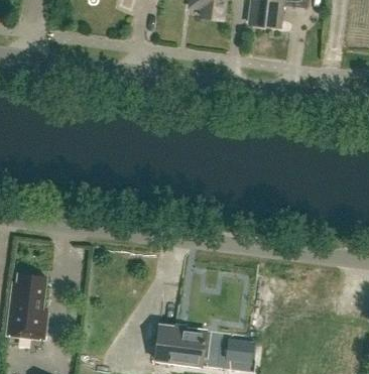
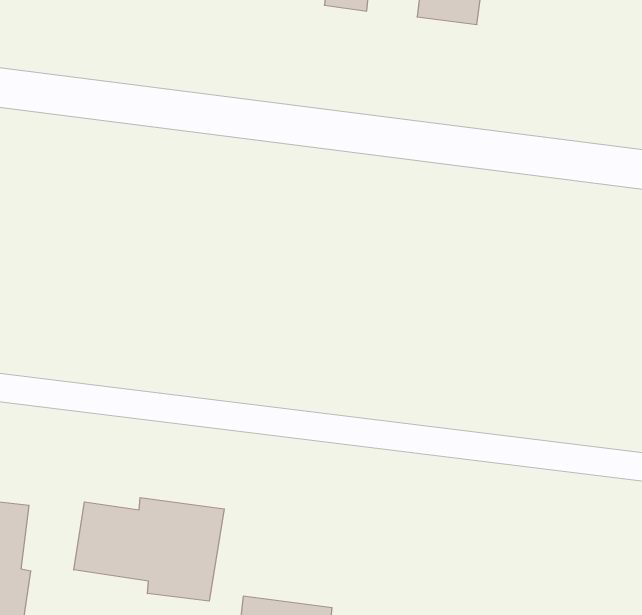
building: none -> [74,498,224,601]

